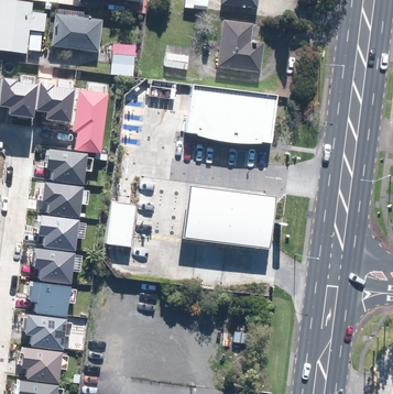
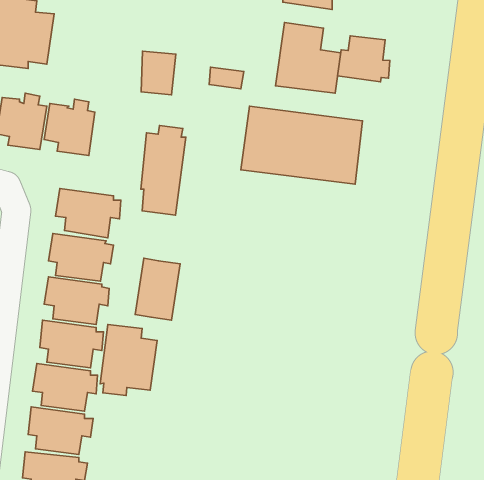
building: [46,14,99,54] -> none
building: none -> [338,36,390,82]
building: [74,84,108,152] -> [141,125,186,215]
building: [182,184,275,248] -> none
building: none -> [100,325,157,396]

